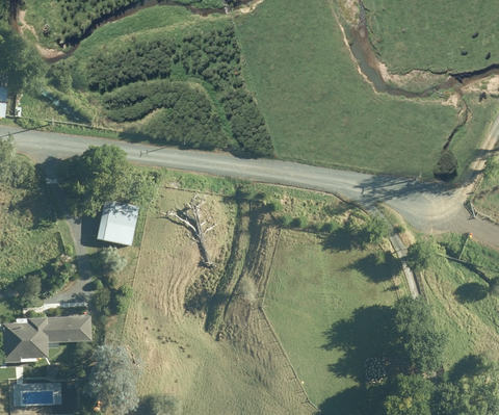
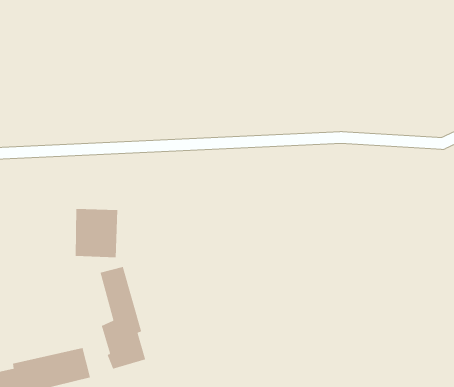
building: none -> [100,266,146,369]

